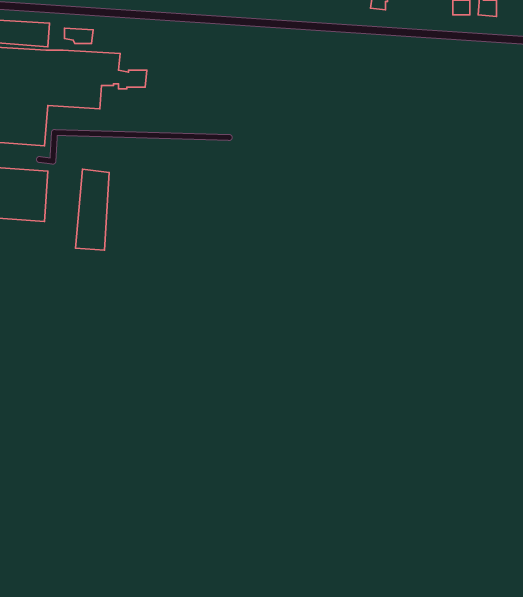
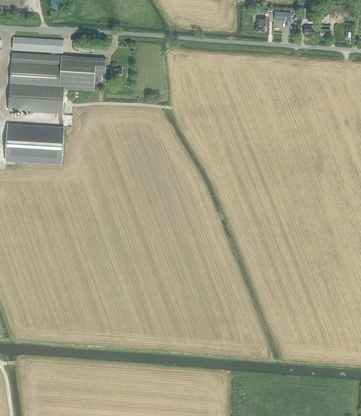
building: [76,169,109,250] -> none

